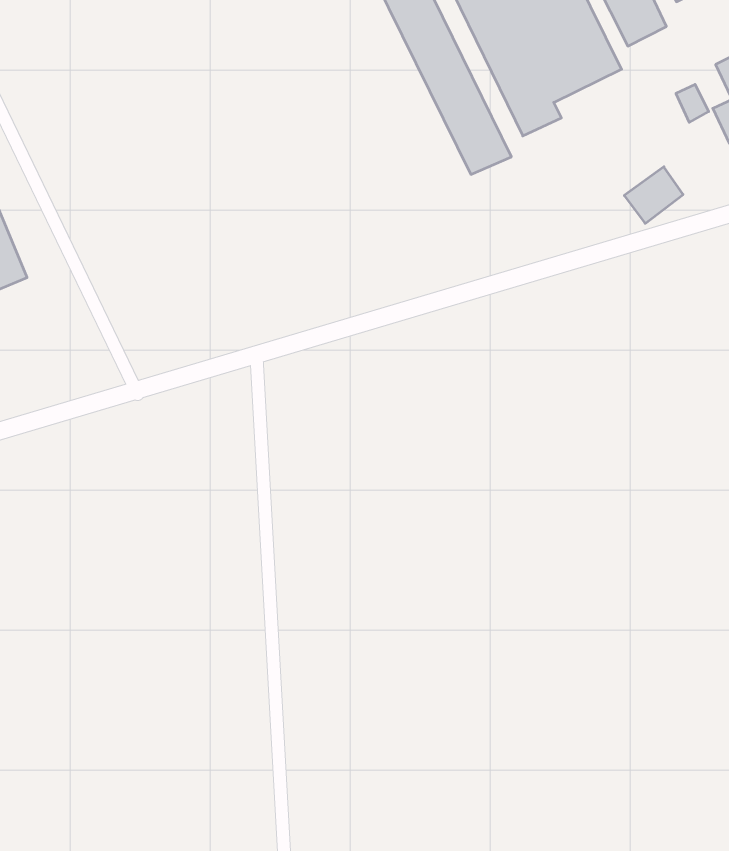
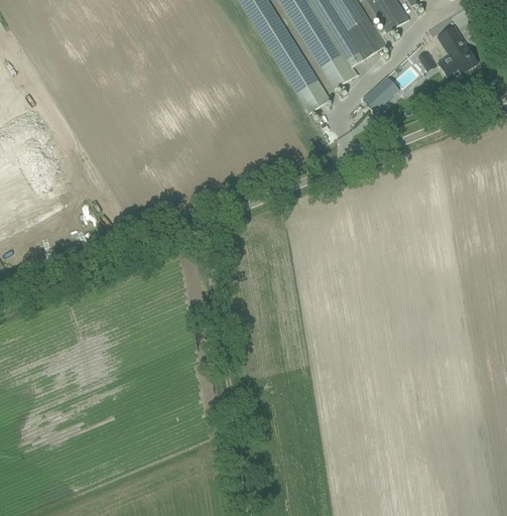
building: [624,167,683,223] -> [360,78,392,110]

